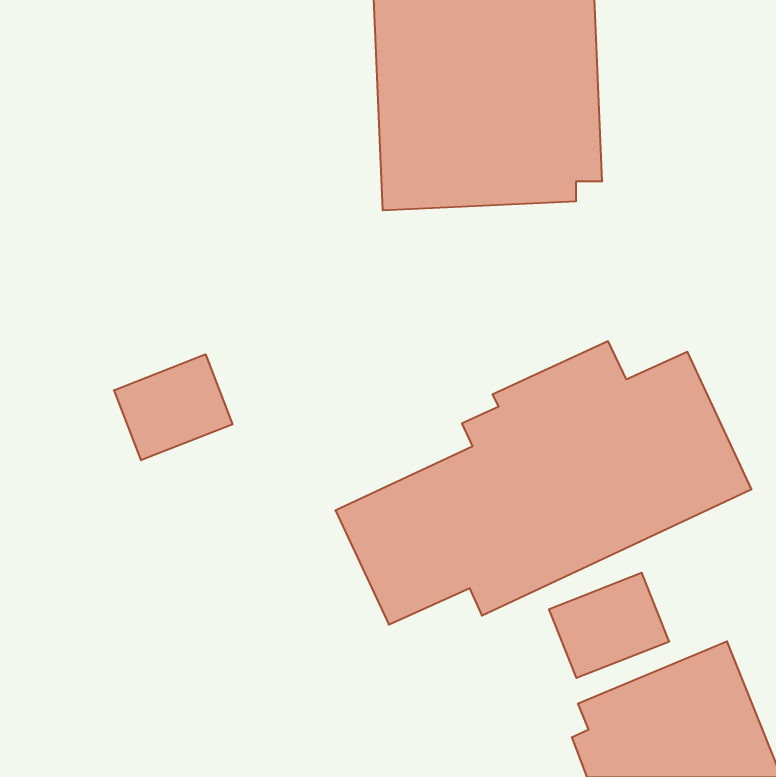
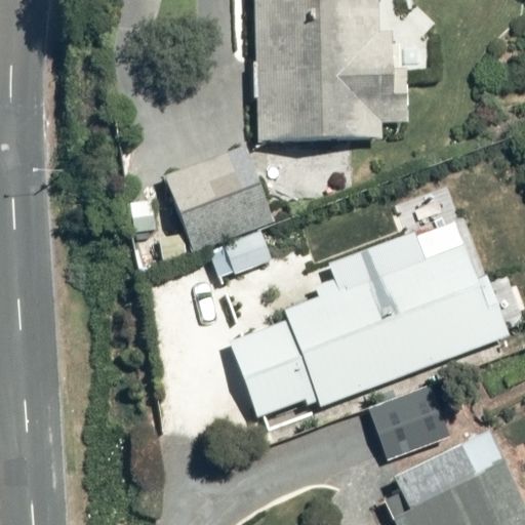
building: none -> [165,146,275,271]
building: [114,354,233,460] -> none

